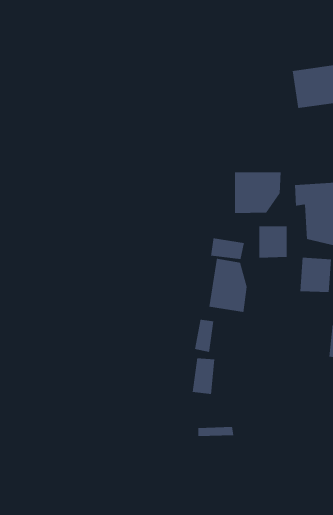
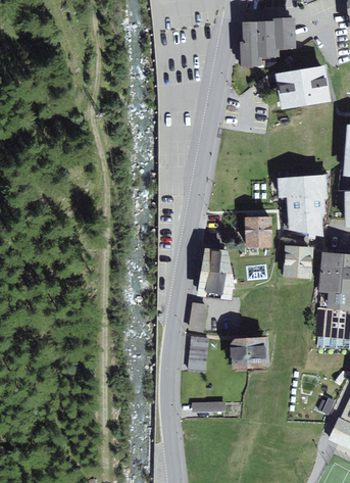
building: none -> [242,17,297,65]
building: [235,172,281,214] -> none
building: [210,237,244,260] -> none
building: none -> [233,336,271,368]

